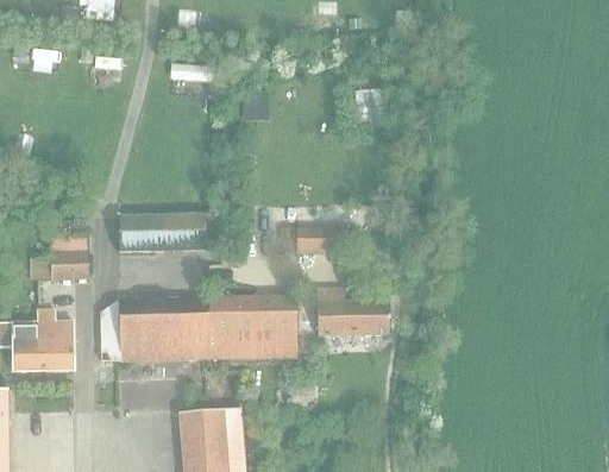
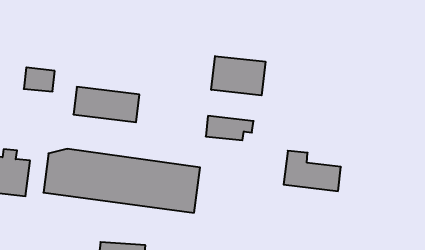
building: none -> [211,56,265,95]
building: [46,252,86,282] -> [24,67,55,91]
building: [315,288,389,334] -> [284,151,341,191]

